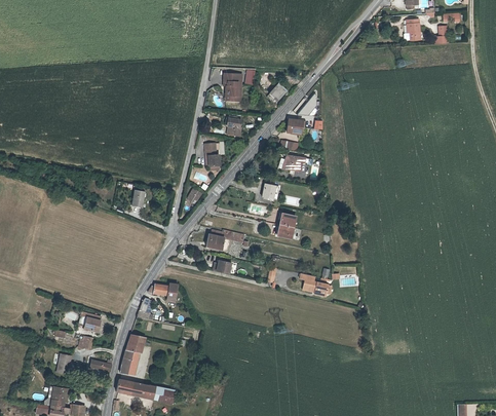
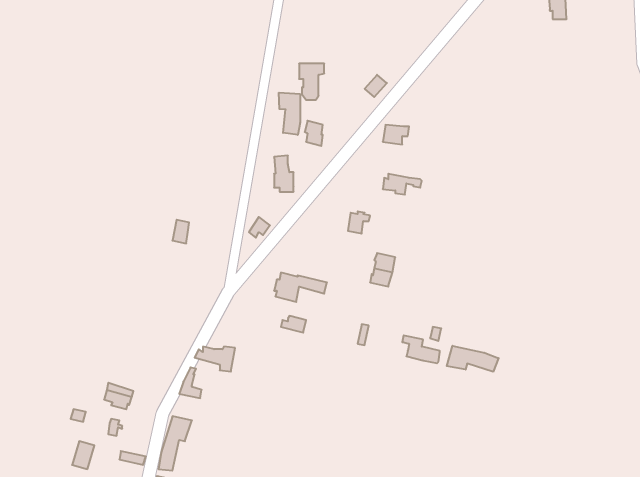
building: none -> [279,93,300,135]
building: none -> [447,346,499,372]

